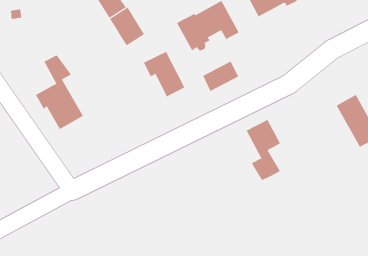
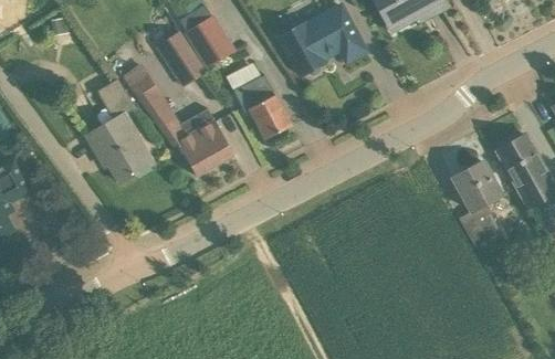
building: none -> [157,32,202,85]
building: none -> [130,74,233,176]
building: [202,61,239,92] -> none
building: [246,119,281,181] -> [453,161,501,245]

